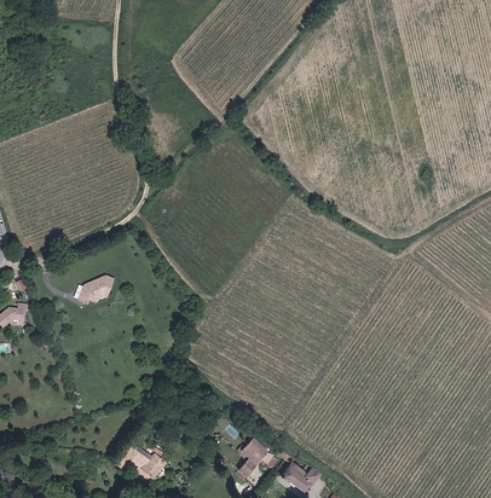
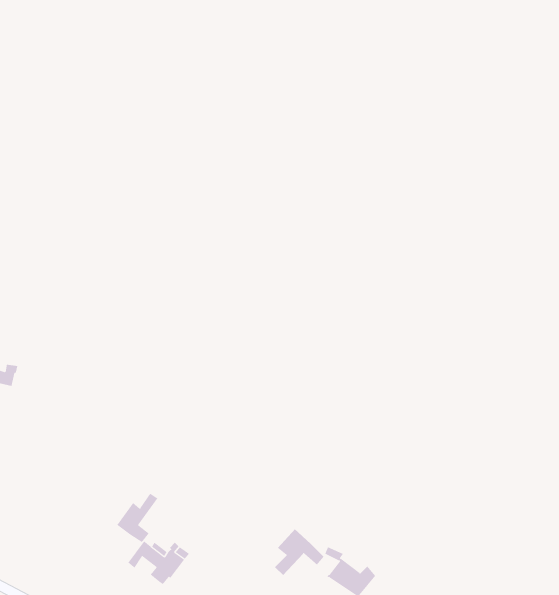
building: [77,276,112,305] -> none
building: none -> [116,493,158,543]

